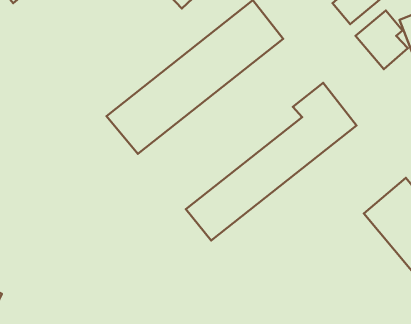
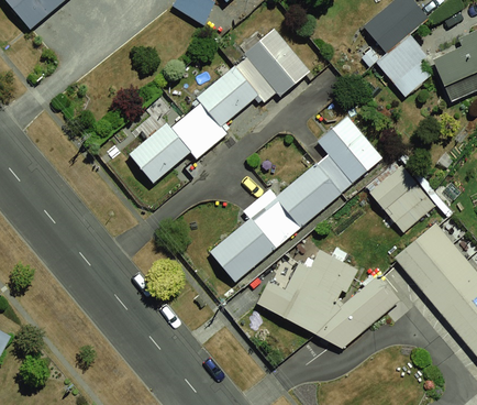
building: none -> [363,164,429,231]
building: none -> [253,245,362,330]
building: none -> [319,277,399,352]

